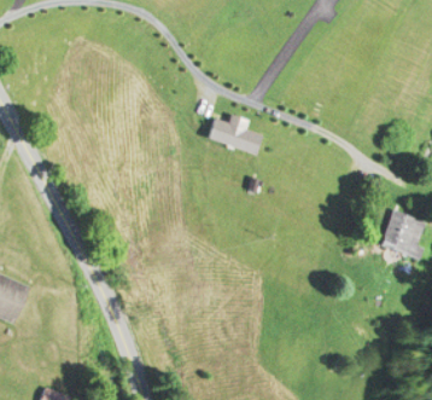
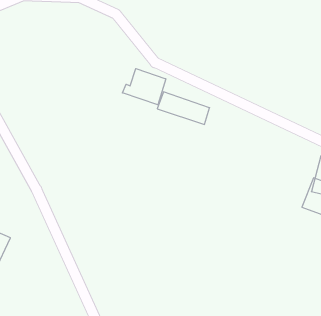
building: none -> [122,69,166,105]

